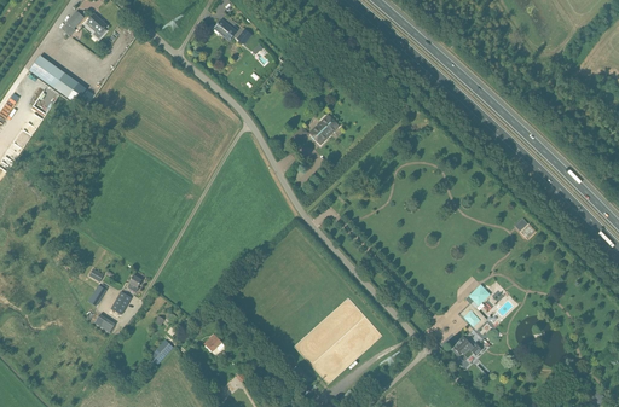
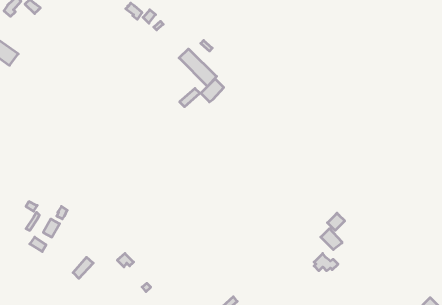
building: none -> [179,49,217,86]

